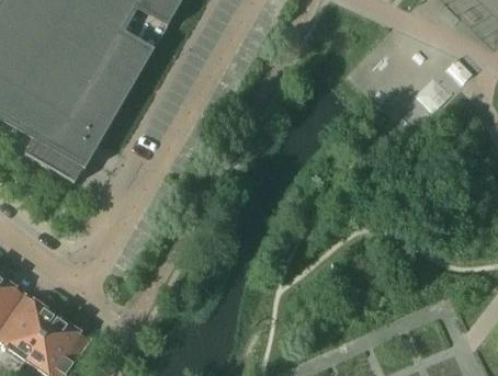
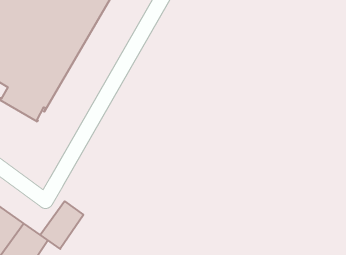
building: none -> [40,201,83,249]

